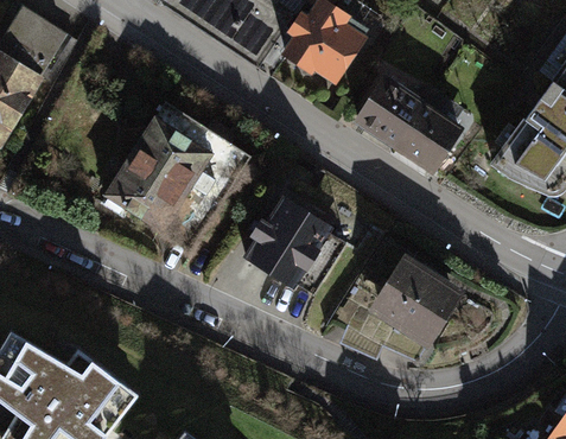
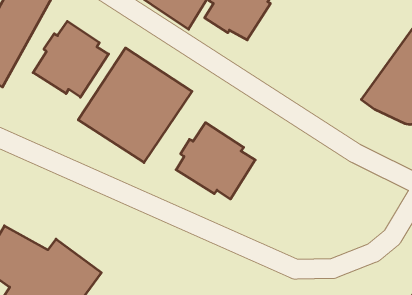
building: none -> [33,21,109,97]
building: [350,74,463,174] -> none
building: [365,252,464,349] -> none

